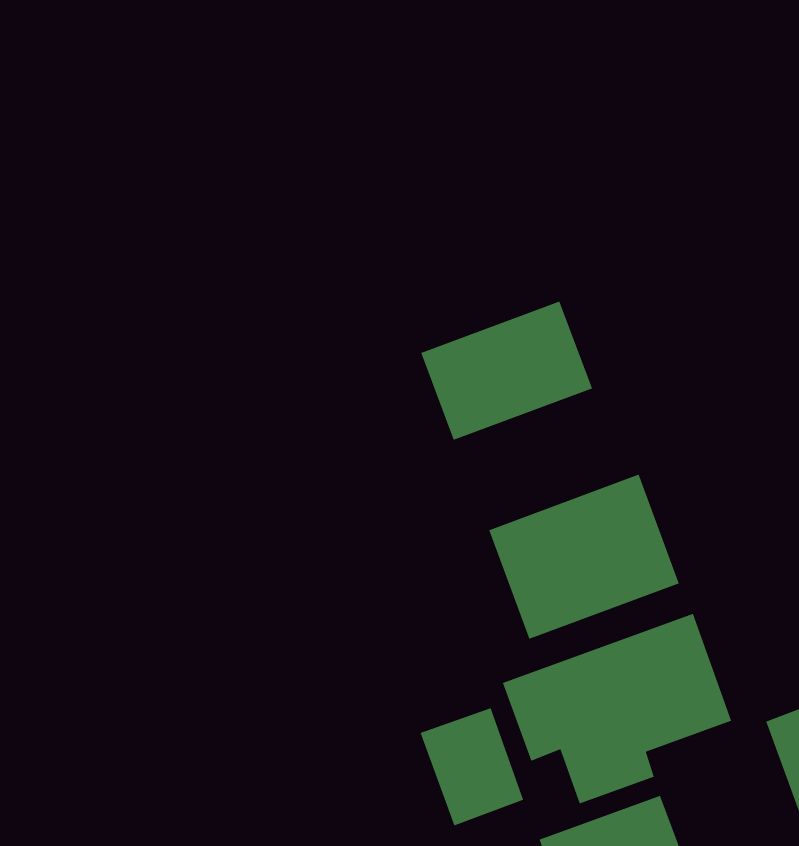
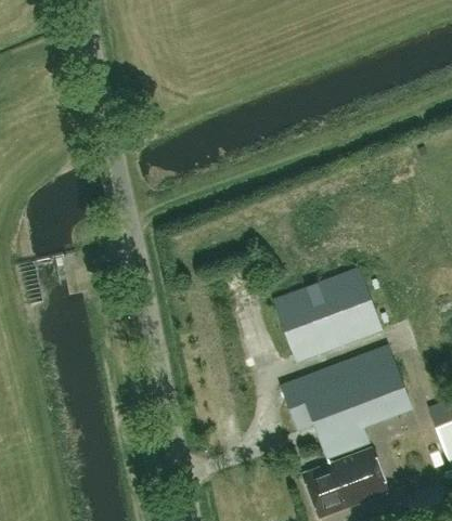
building: [420,301,593,441] -> none
building: [420,707,524,826] -> none

